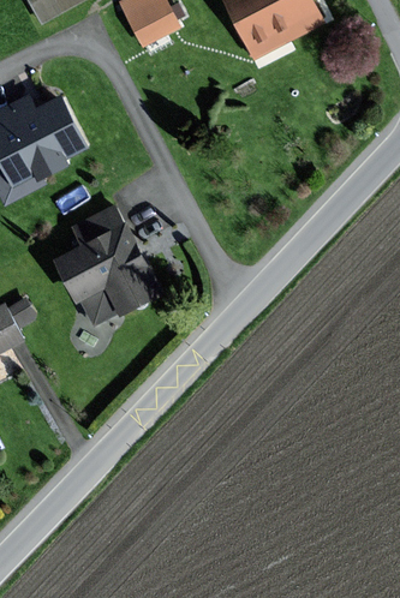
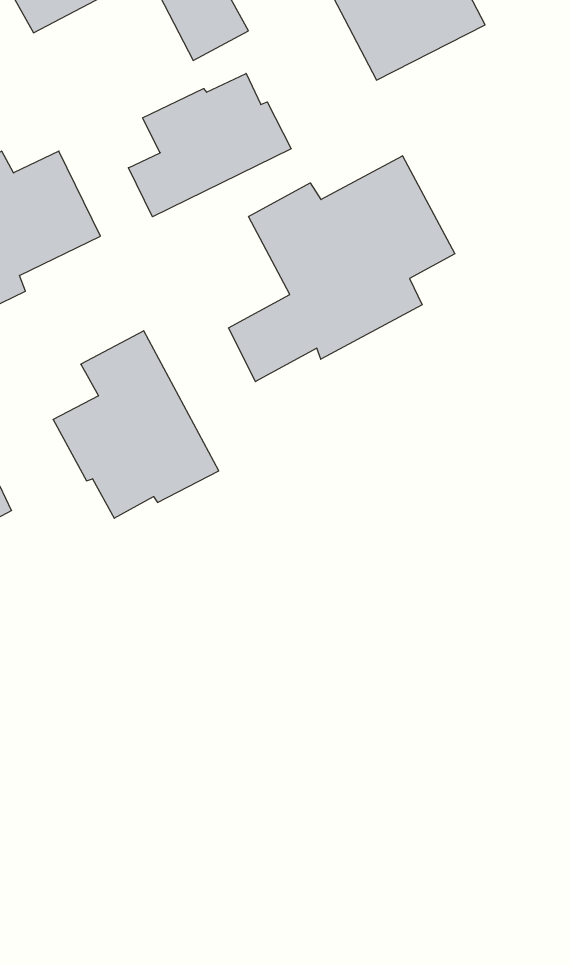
building: none -> [128,73,291,217]
building: none -> [228,156,455,382]

